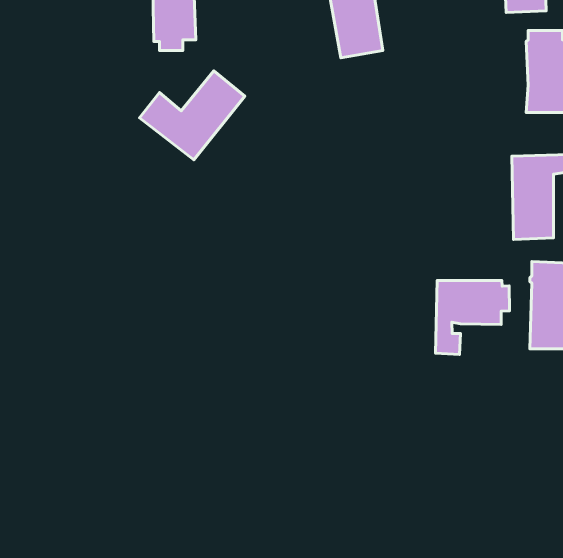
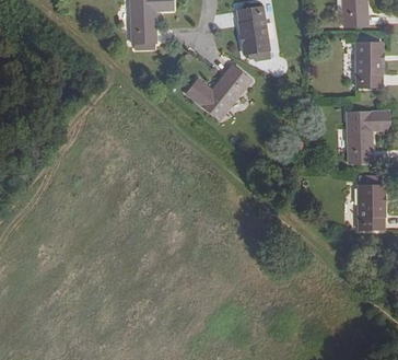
building: [139,71,245,160] -> [187,66,250,119]
building: [436,280,509,354] -> none

